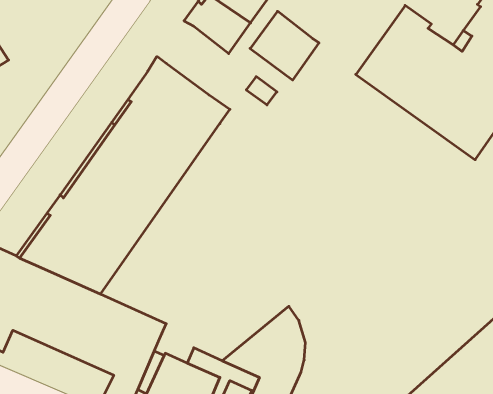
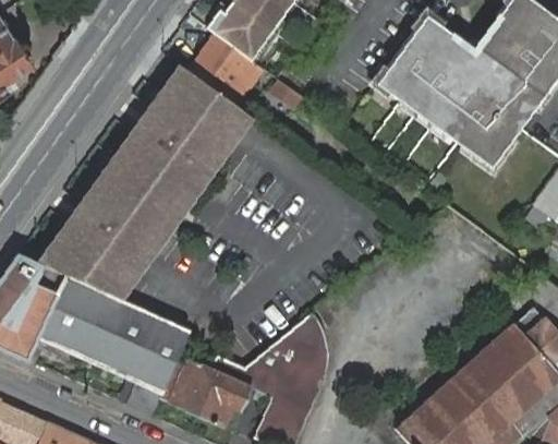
building: [250,11,319,80] -> [189,34,257,103]

